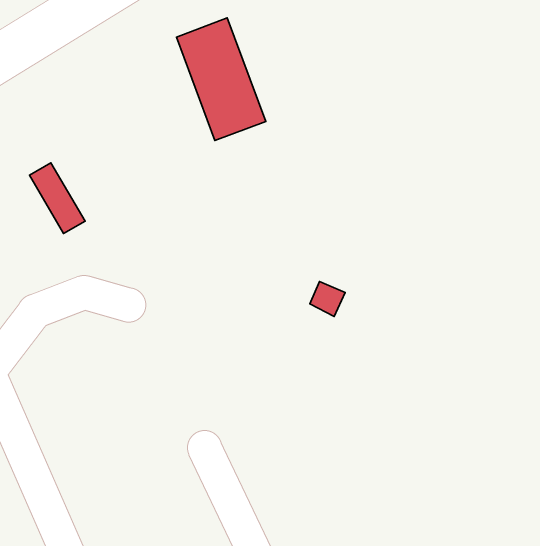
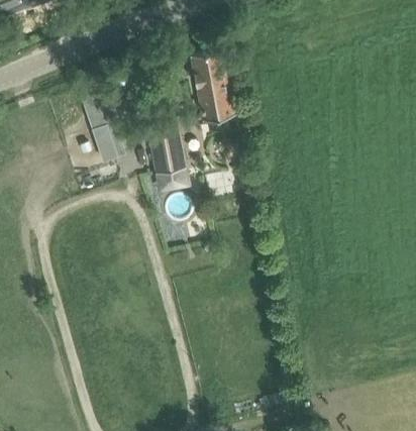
building: none -> [148,126,187,192]

